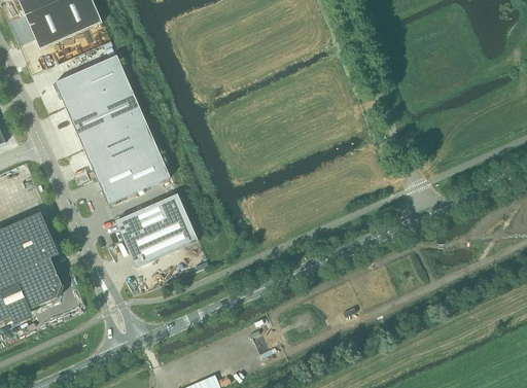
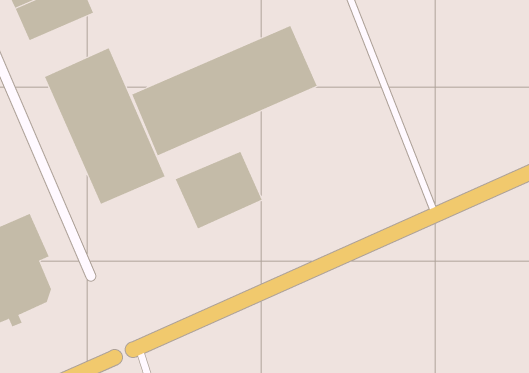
building: none -> [131,25,317,156]
building: [114,193,198,268] -> [175,151,263,229]

